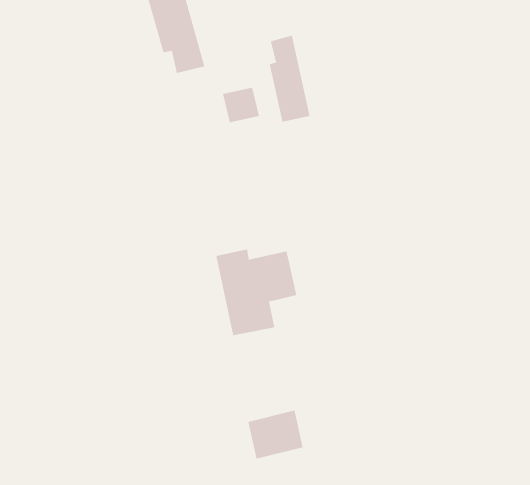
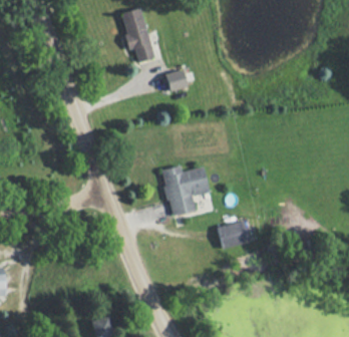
building: [269,35,310,123] -> none
building: [247,410,304,459] -> [217,221,250,250]

